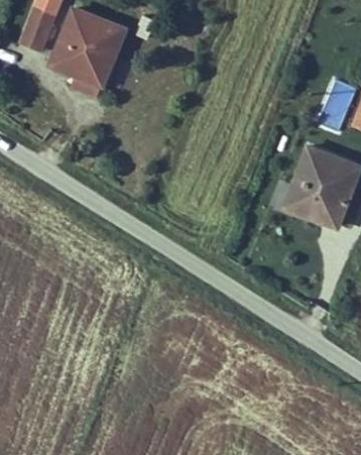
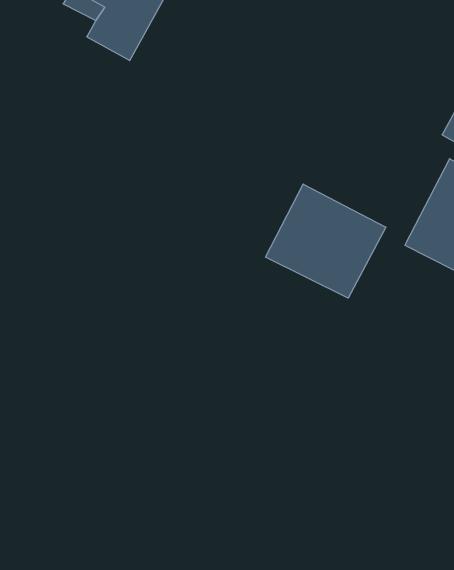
building: none -> [266,184,386,298]

